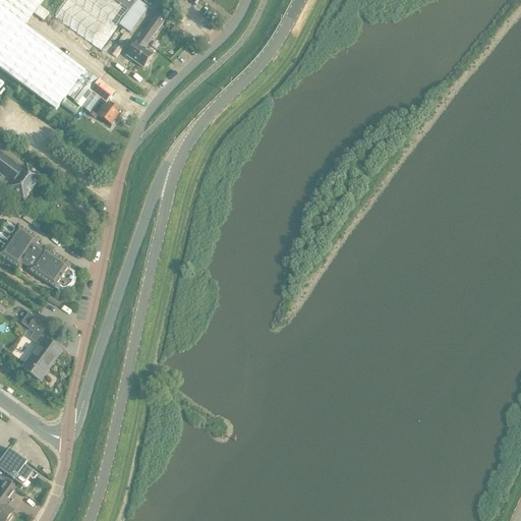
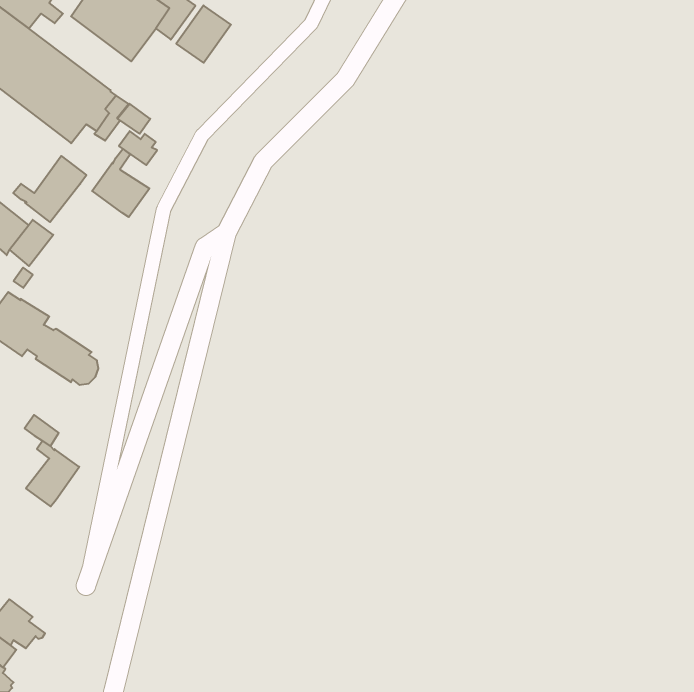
building: [123,39,151,65] -> none
building: none -> [92,149,149,217]
building: none -> [13,156,86,222]

